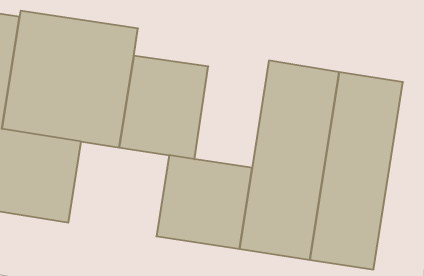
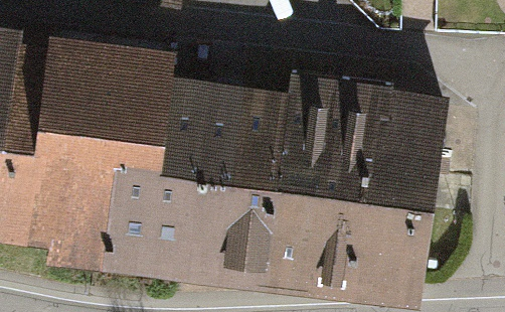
building: none -> [230,85,307,196]
building: none -> [99,169,204,279]

